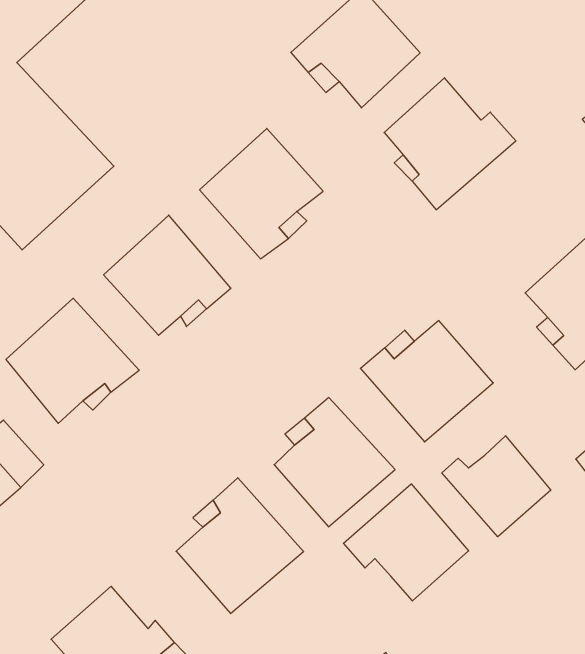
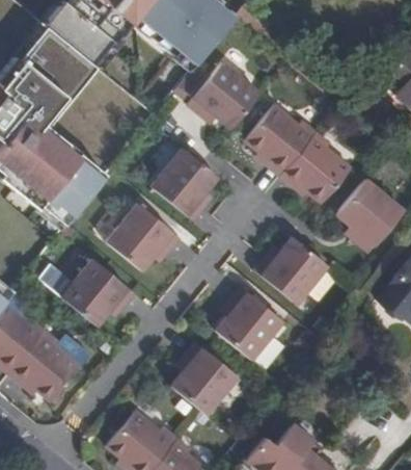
building: none -> [281,131,351,201]
building: [442,436,551,537] -> none
building: [343,484,469,601] -> none

